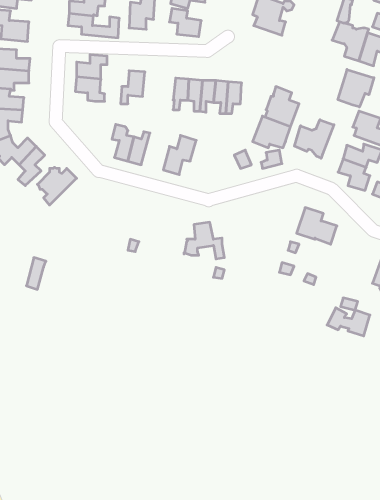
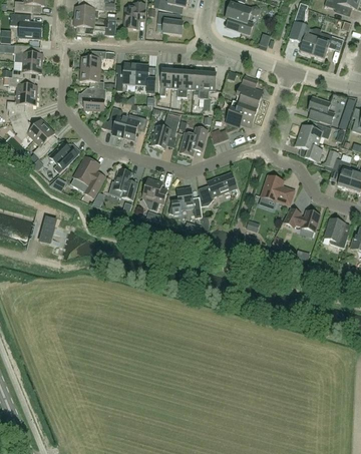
building: [338,69,374,107] -> none
building: none -> [135,64,156,93]
building: none -> [78,88,106,112]
building: [294,120,334,158] -> none
building: none -> [179,127,209,155]
building: none -> [71,156,105,197]
building: none -> [109,169,137,199]
building: none -> [208,172,237,196]
building: none -> [142,177,167,210]
building: [327,308,370,336] -> [285,208,320,232]

